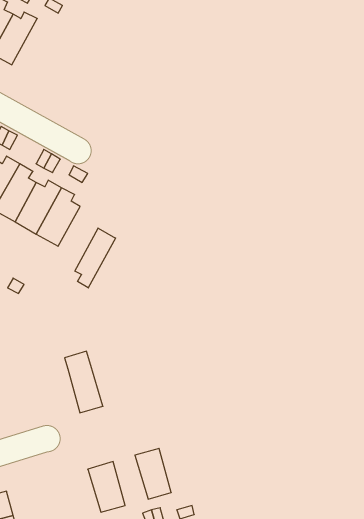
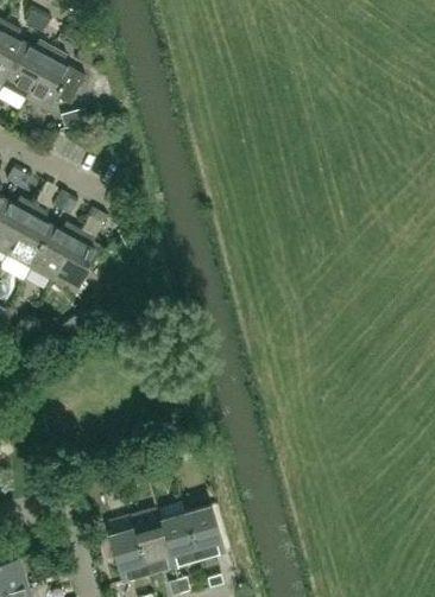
building: none -> [26,49,87,113]
building: [75,228,116,288] -> none
building: [65,351,103,413] -> [132,508,174,574]
building: none -> [185,506,225,560]

